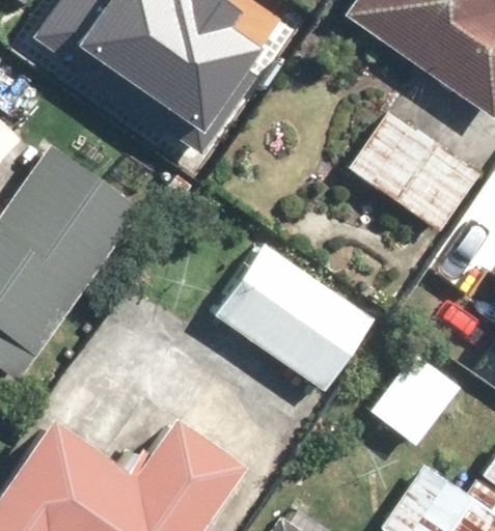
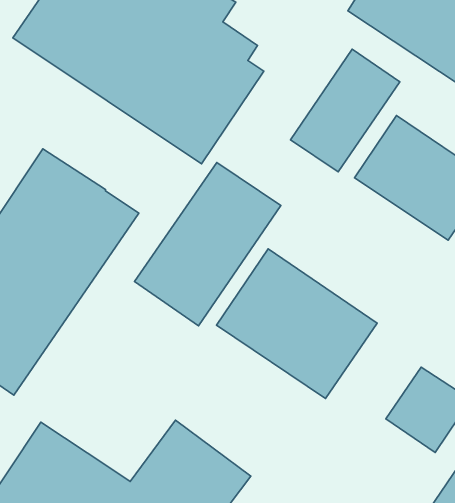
building: none -> [290,49,400,172]
building: none -> [134,163,281,326]

